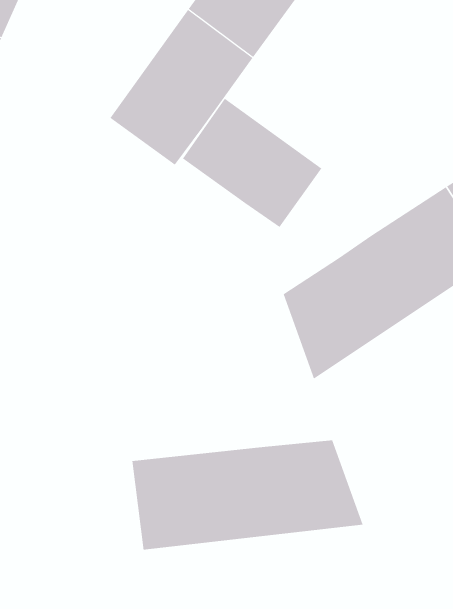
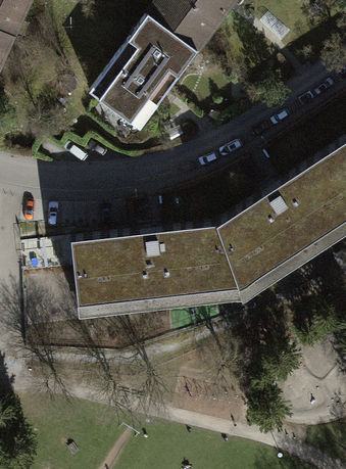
building: [182,98,322,228] -> none
building: [132,440,364,550] -> [70,228,240,309]

